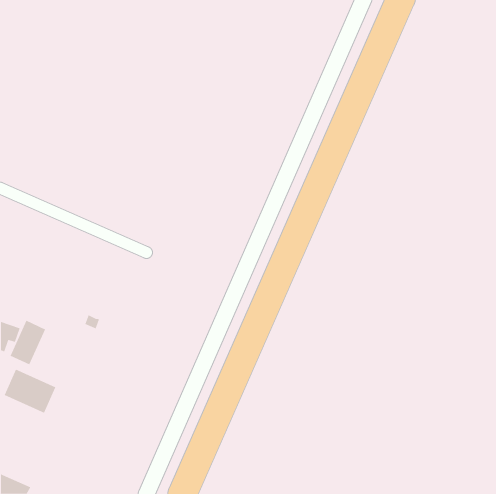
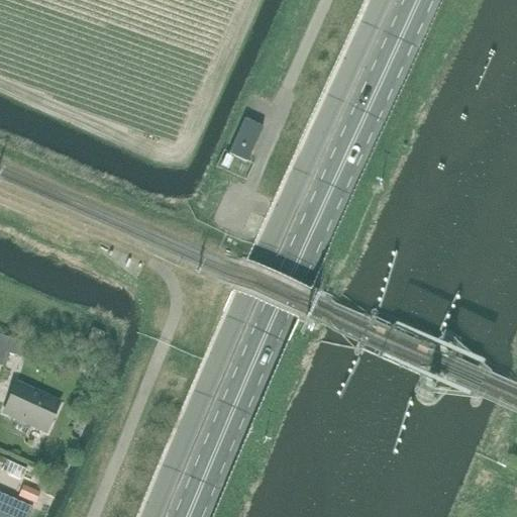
building: none -> [229,117,263,160]
building: [10,320,46,365] -> none

